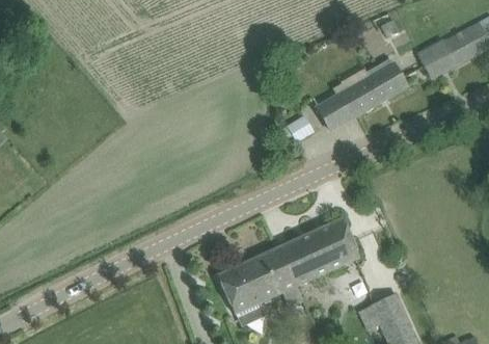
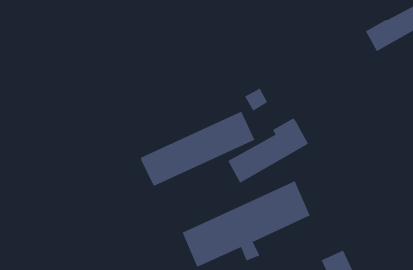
building: [317,57,406,130] -> [228,117,309,184]
building: none -> [140,111,255,187]

